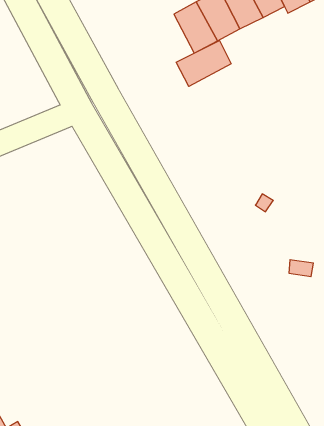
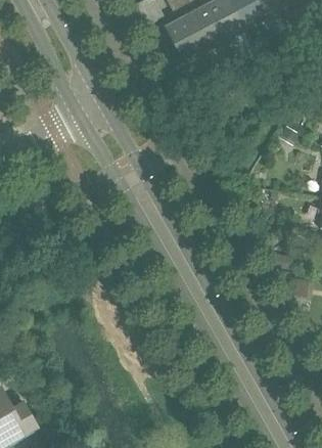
building: [176,40,231,86] -> none

